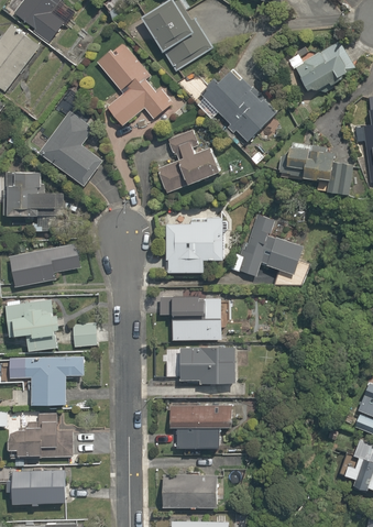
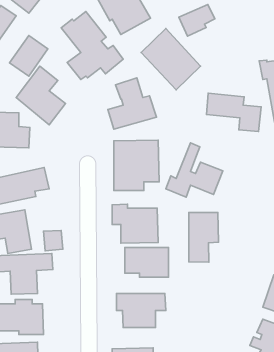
building: [297,52,343,92] -> [179,5,215,36]
building: none -> [9,35,48,76]
building: none -> [189,212,219,262]

